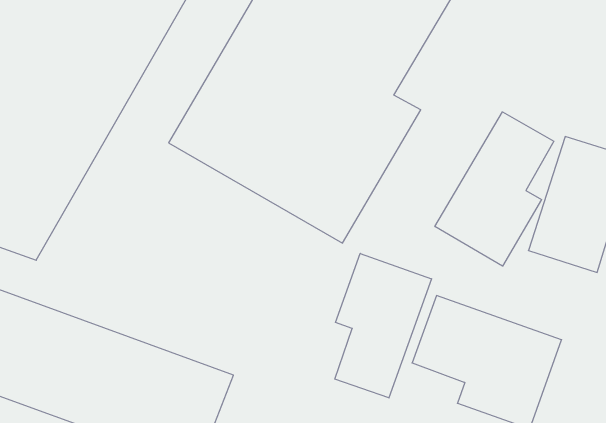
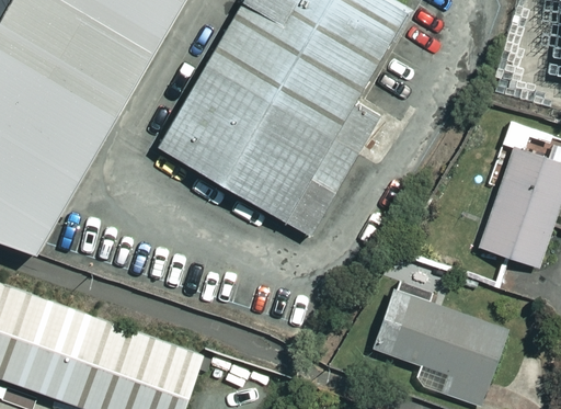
building: [435,112,554,266] -> none
building: [335,253,432,398] -> none

